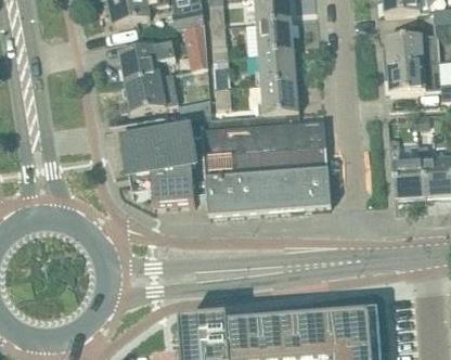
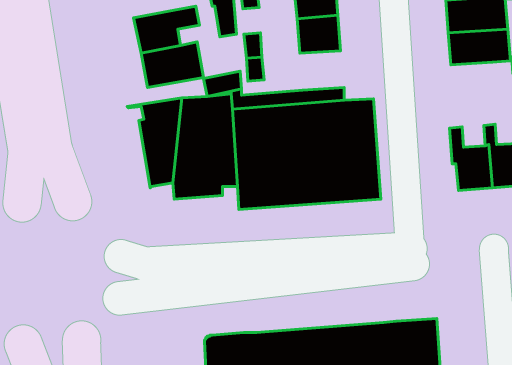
building: [260,77,298,111] -> none

